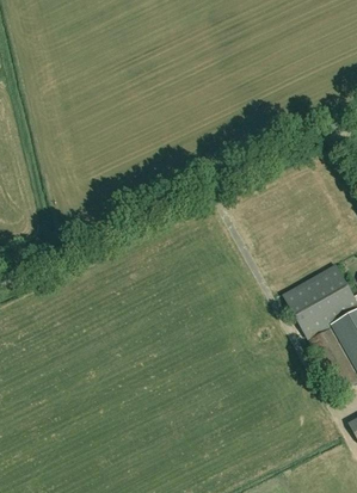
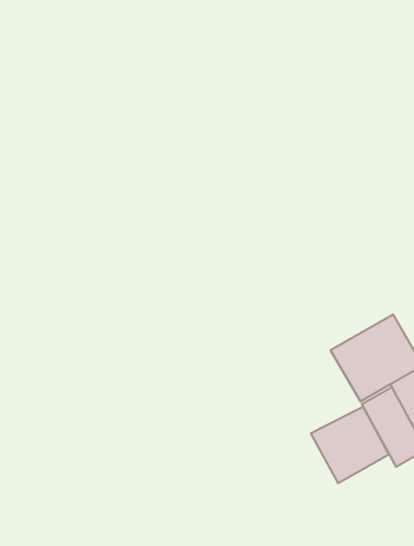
building: none -> [311,406,389,483]

